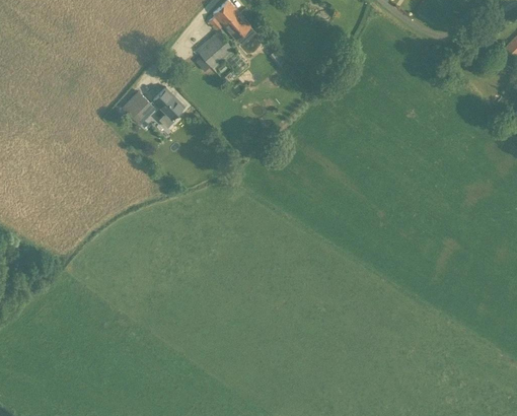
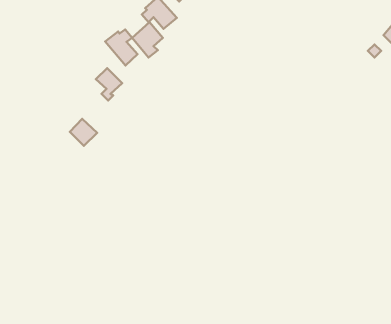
building: none -> [105,29,138,65]
building: [122,92,155,126] -> [70,119,97,146]

